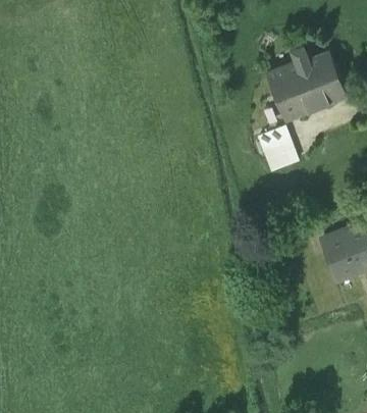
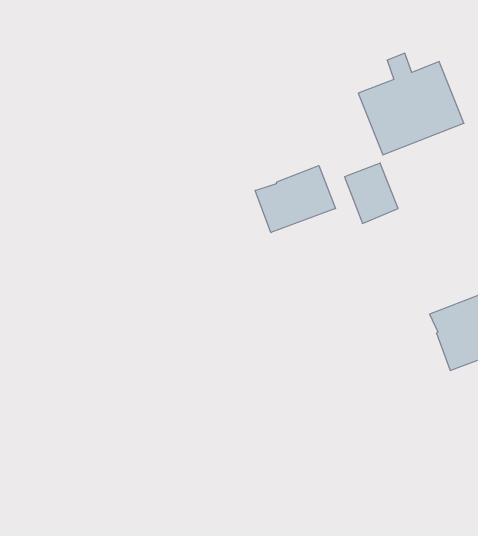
building: none -> [255,166,335,233]

